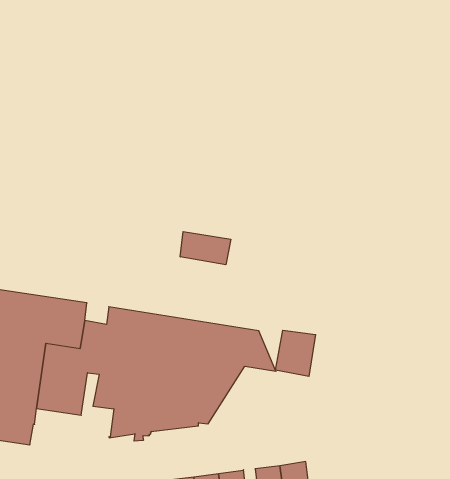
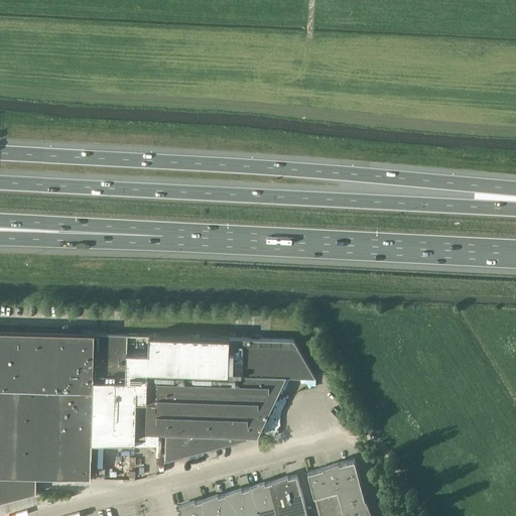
building: [180,232,231,265] -> none
building: [276,330,316,376] -> none

